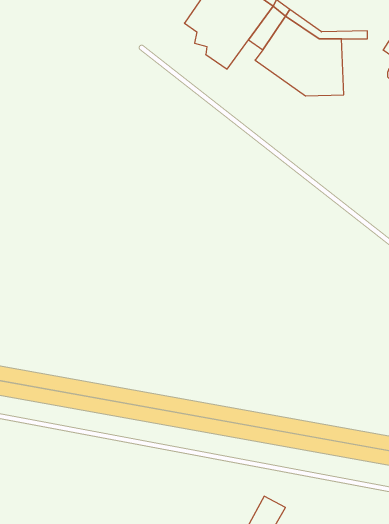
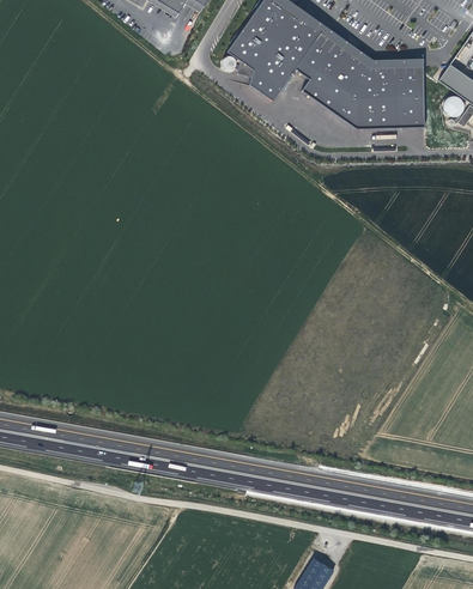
building: none -> [395,67,425,127]

